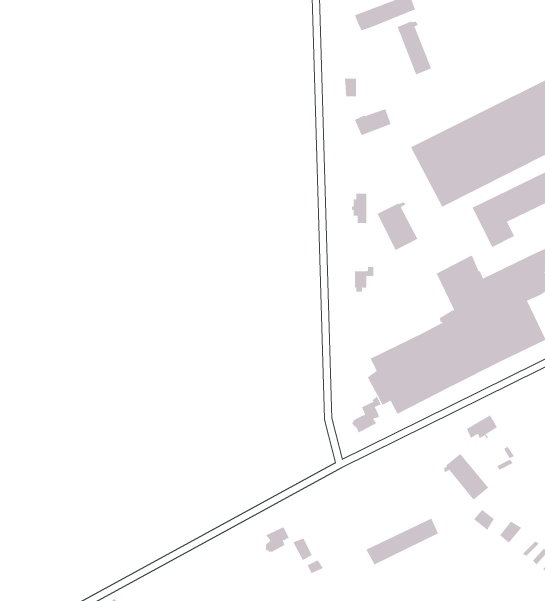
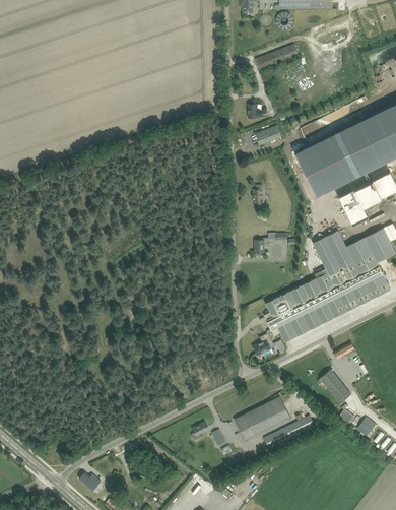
building: [397,20,432,75] -> none
building: [377,202,418,251] -> none
building: none -> [235,396,291,442]

